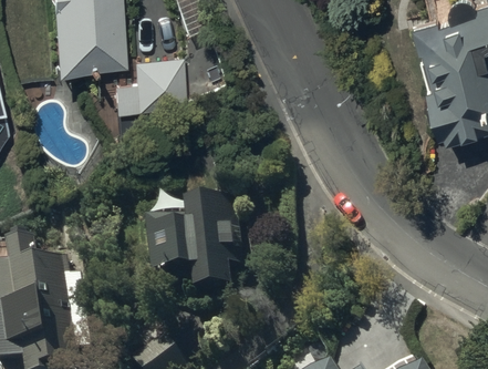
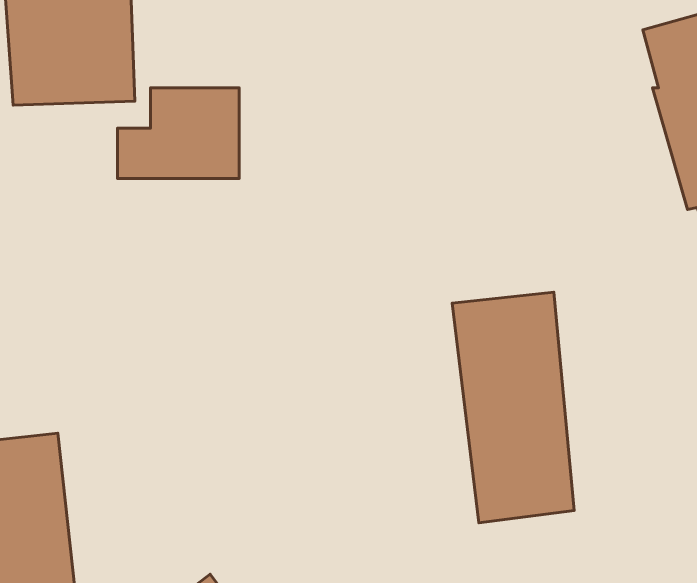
building: none -> [452,292,574,523]
building: [150,201,248,296] -> none

